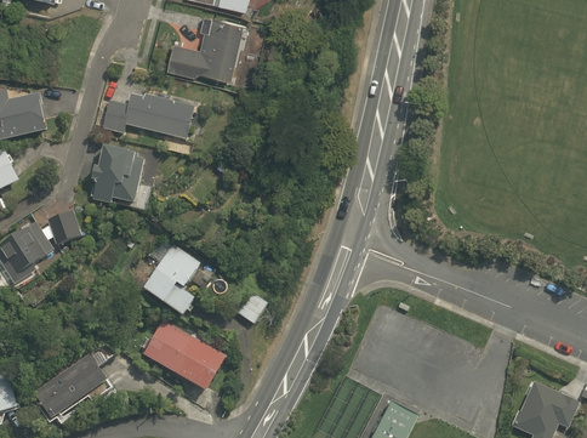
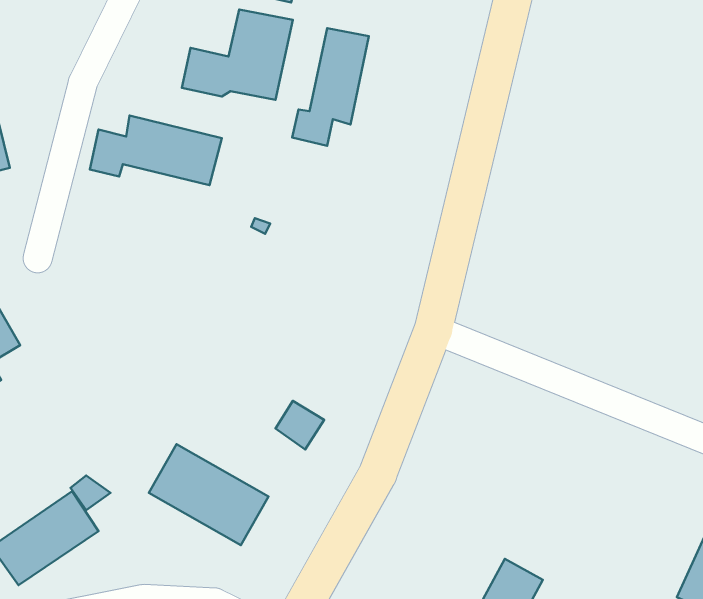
building: none -> [292,28,369,146]
building: [90,146,143,204] -> none
building: [47,211,82,245] -> none
building: [137,228,200,315] -> none

